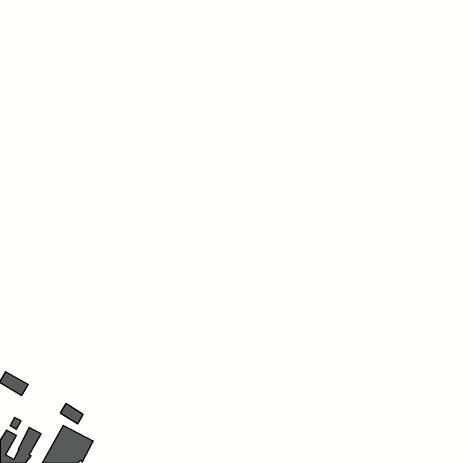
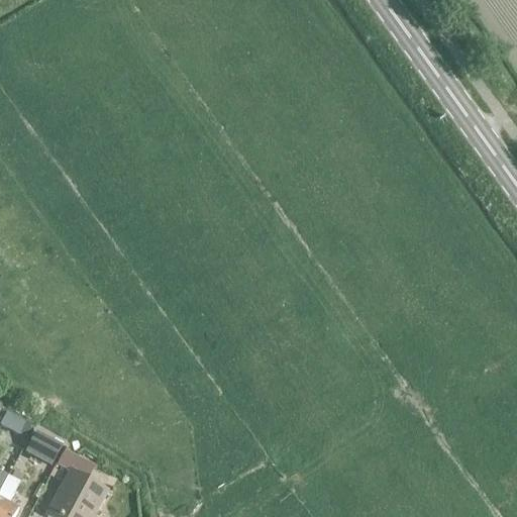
building: none -> [25,431,61,463]

